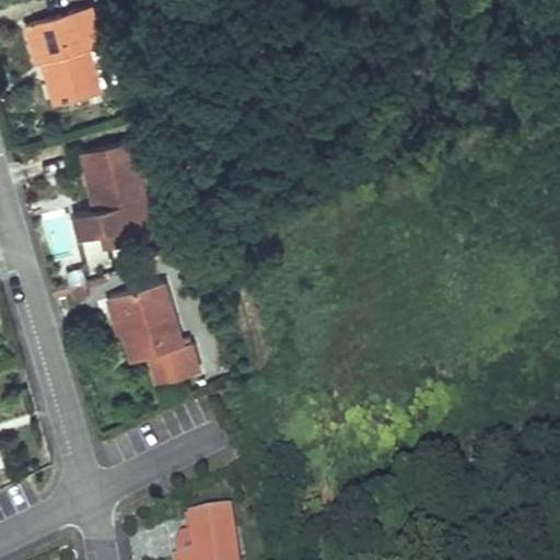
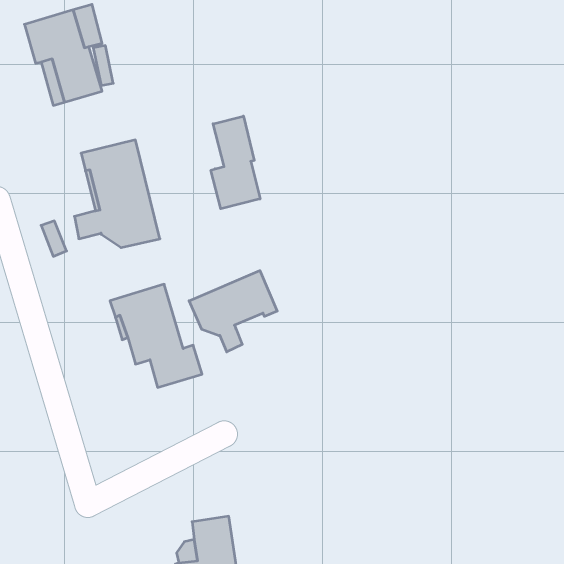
building: none -> [211,116,260,209]
building: none -> [189,271,277,352]

